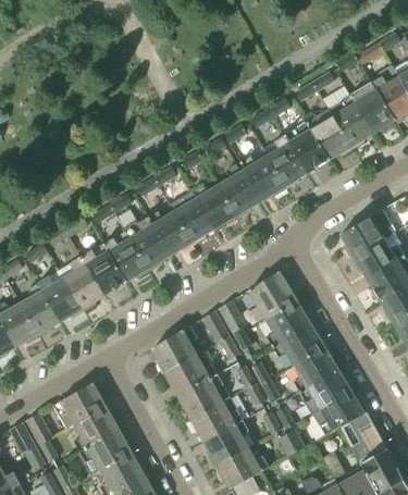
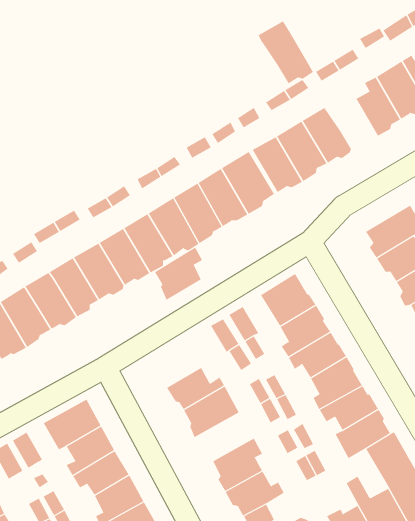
building: [301,104,351,161] -> [258,21,314,84]
building: [152,326,196,374] -> [154,247,203,300]
building: [188,396,242,440] -> none

